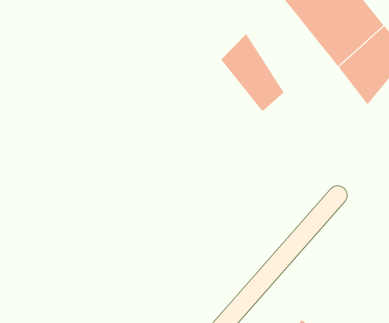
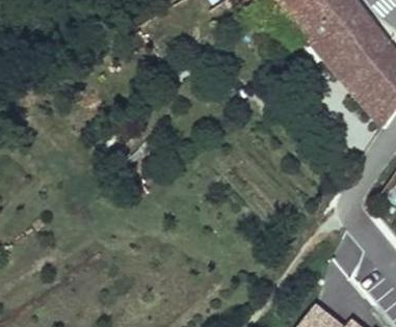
building: [220,33,284,112] -> none

